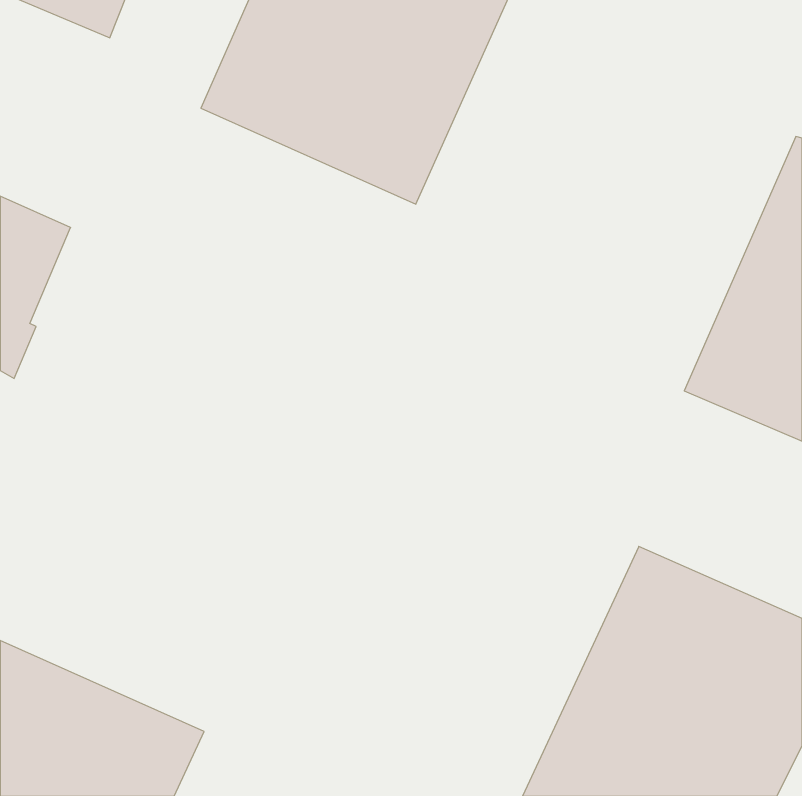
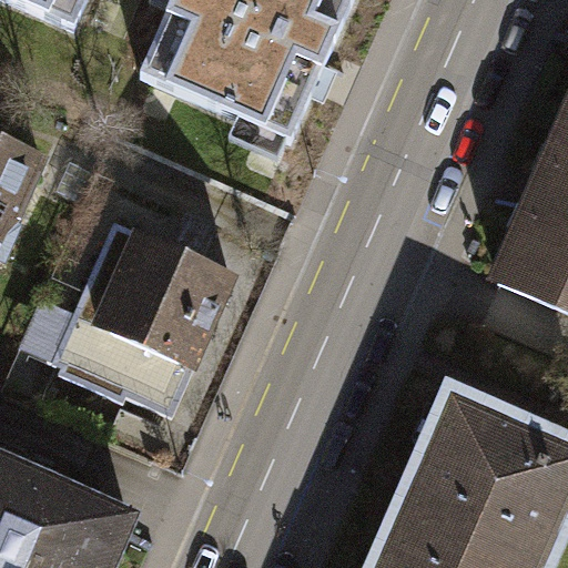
building: none -> [55,222,234,415]

